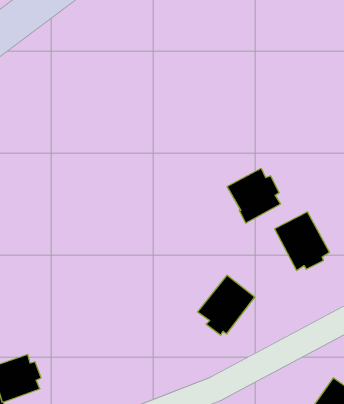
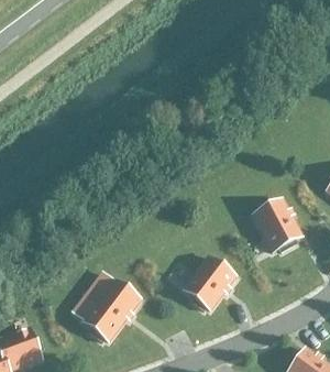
building: [227,168,280,223] -> none
building: none -> [81,272,140,340]

